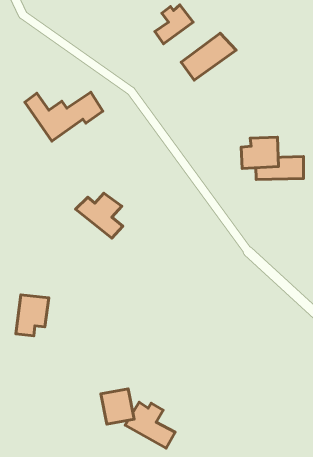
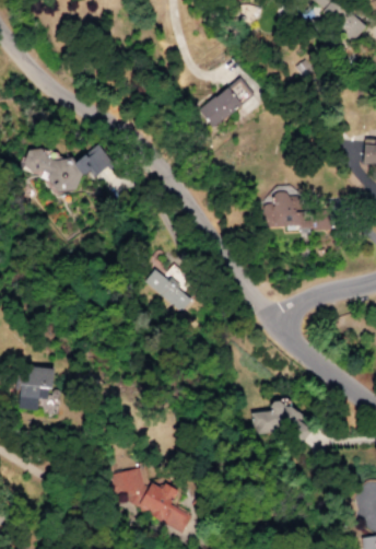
building: [155,5,193,44] -> none
building: [76,193,123,238] -> [140,264,191,313]
building: none -> [254,399,314,442]

